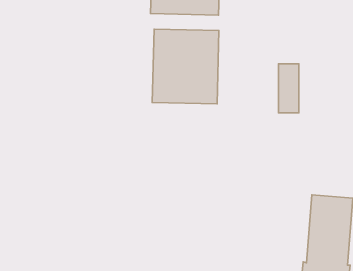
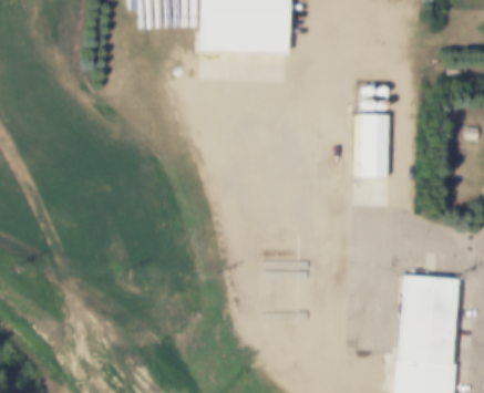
building: [152,29,219,104] -> none

